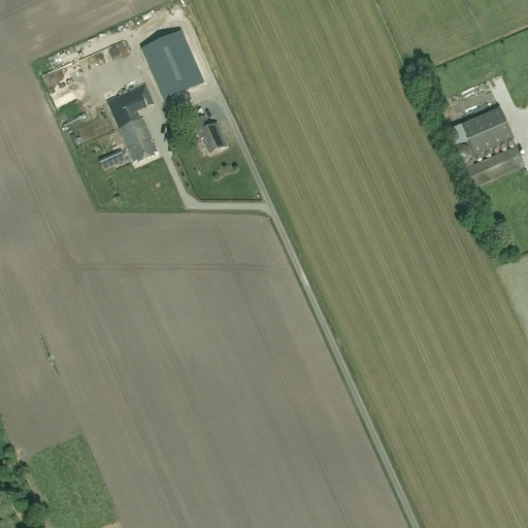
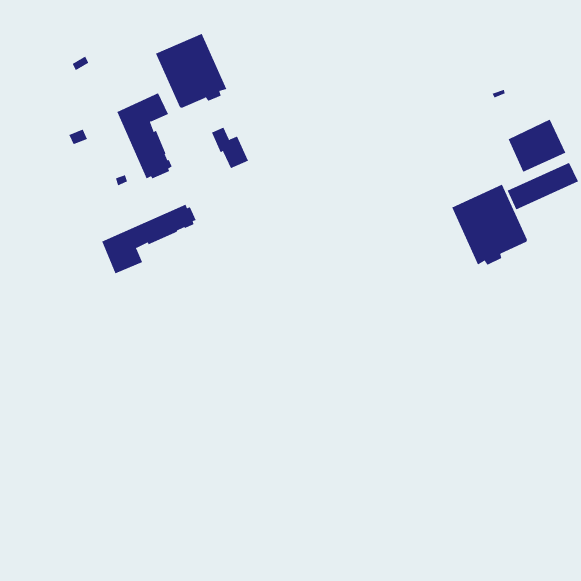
building: none -> [451,184,527,265]
building: none -> [102,204,196,274]

